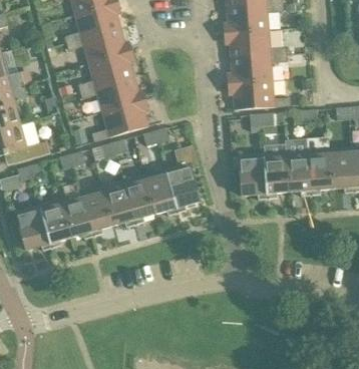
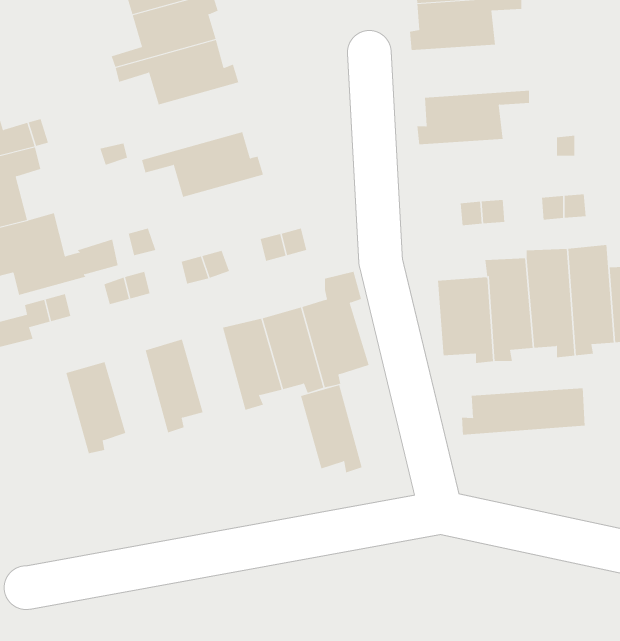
building: [223,30,286,58] -> none
building: [77,50,134,91] -> none
building: [227,80,290,109] -> none
building: [91,99,147,141] -> none
building: [101,180,134,228] -> [300,384,362,473]
building: [60,193,93,239] -> none
building: [14,205,51,251] -> none
building: none -> [462,388,585,435]

